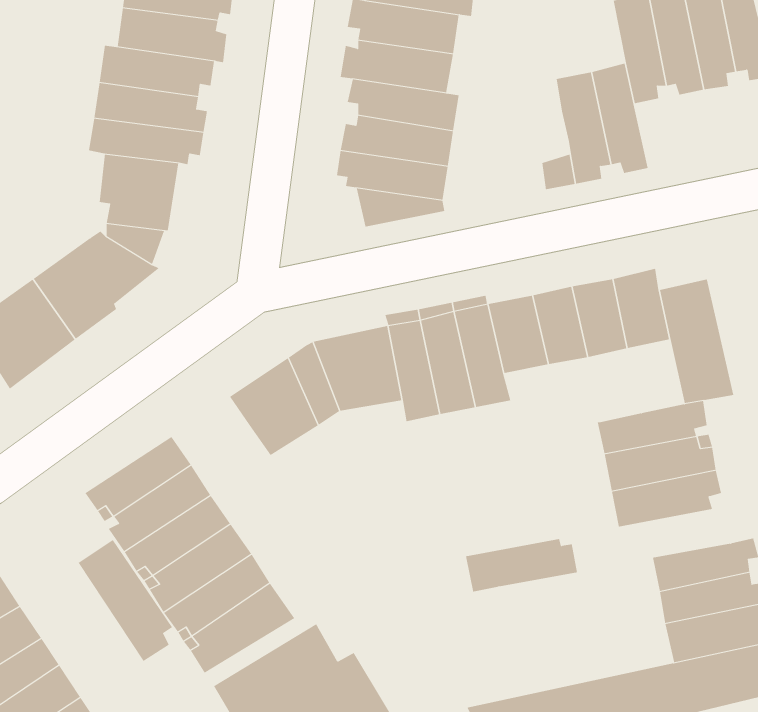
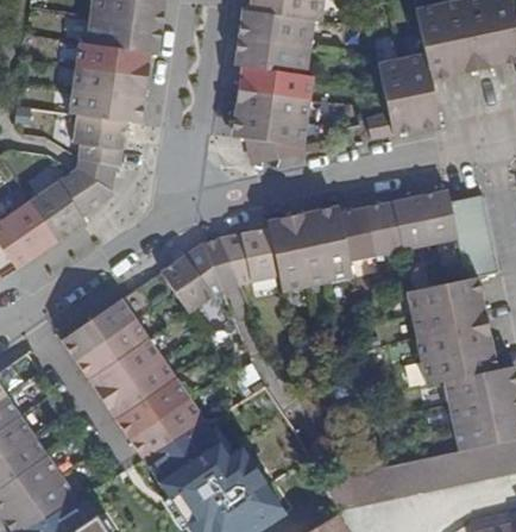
building: [465,538,578,592] -> [420,350,495,386]
building: [78,539,173,662] -> none

